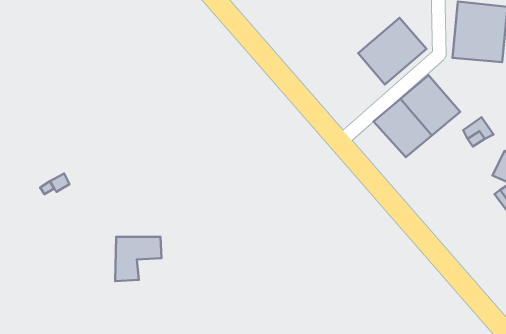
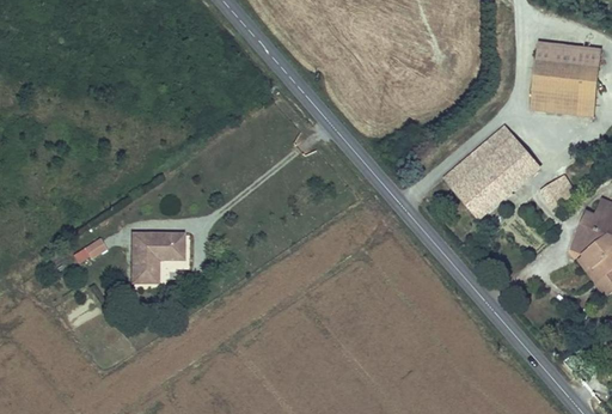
building: [358,18,426,84] -> none
building: [115,237,162,281] -> [133,232,184,281]

